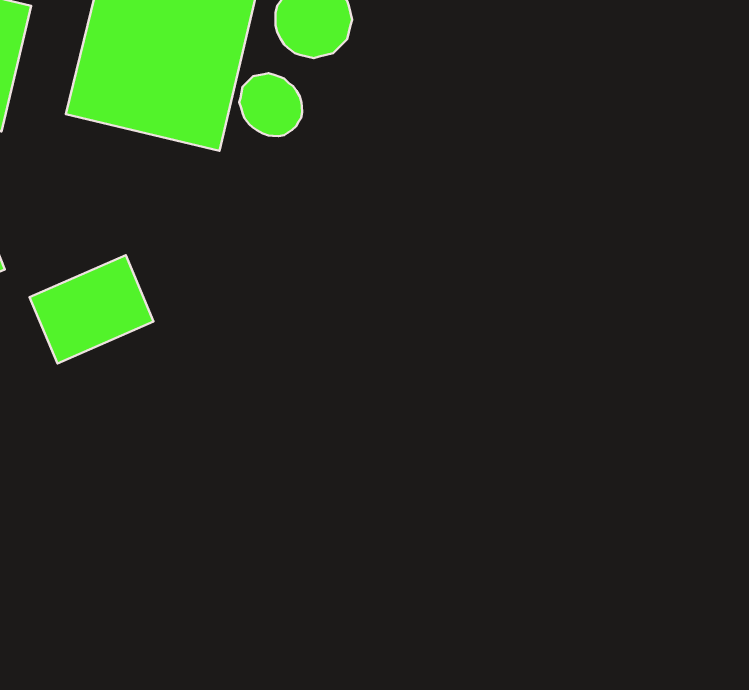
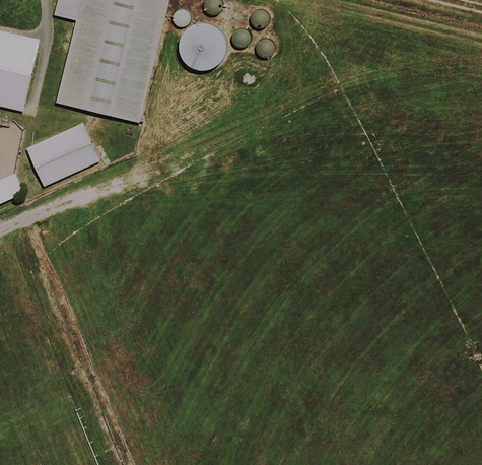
building: [239,73,302,136] -> none
building: [30,255,154,364] -> [23,122,95,185]

